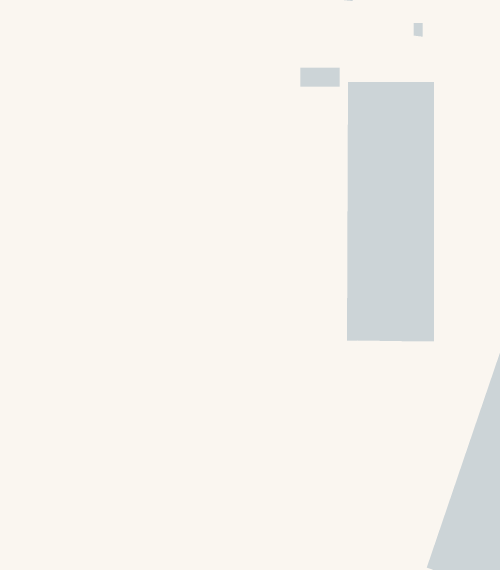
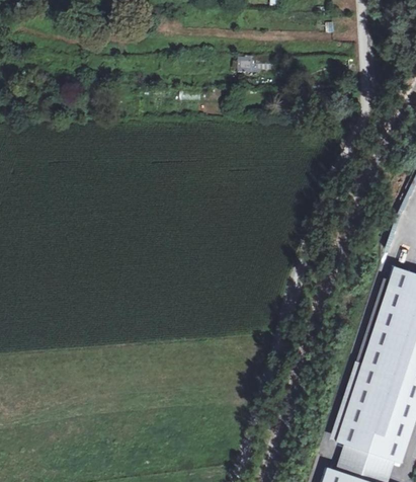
building: [346,81,434,342] -> none

